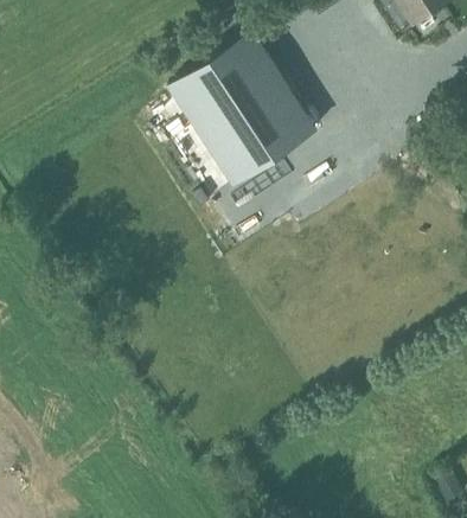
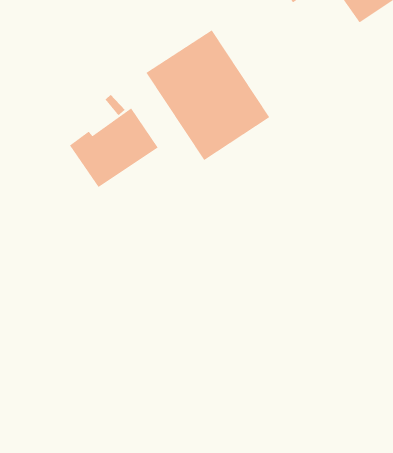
building: none -> [69,108,159,188]

